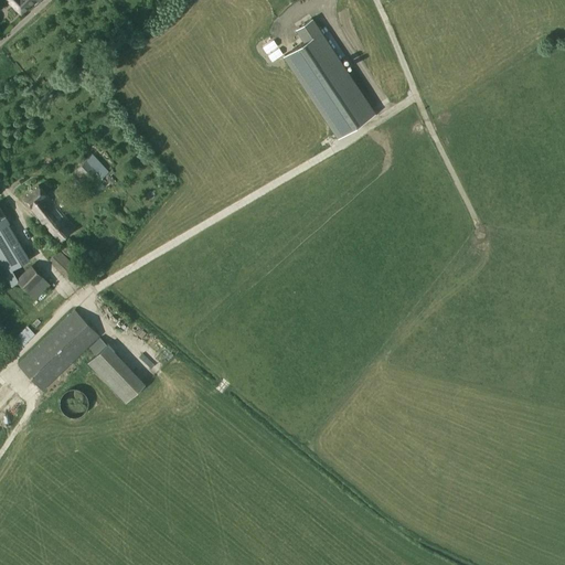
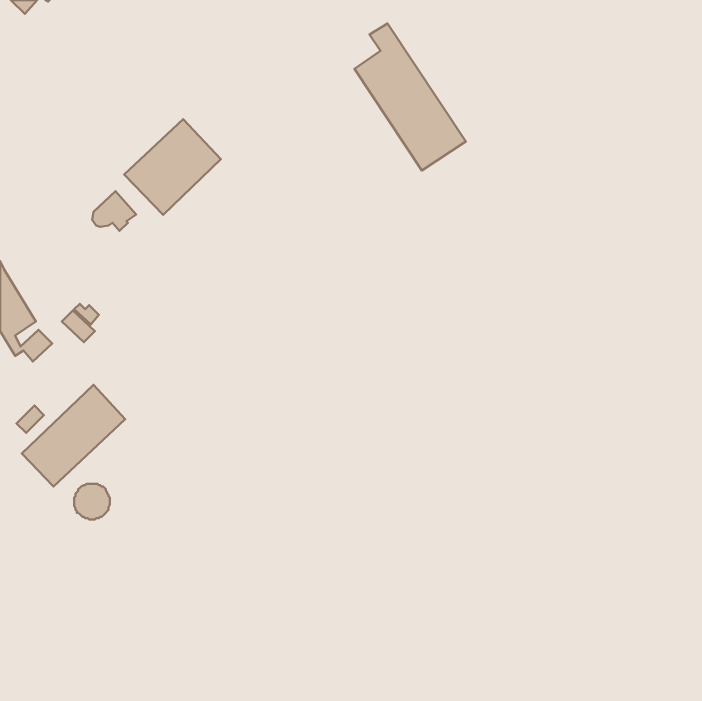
building: none -> [124,119,221,215]
building: [24,186,75,242] -> none
building: [87,344,146,404] -> none

